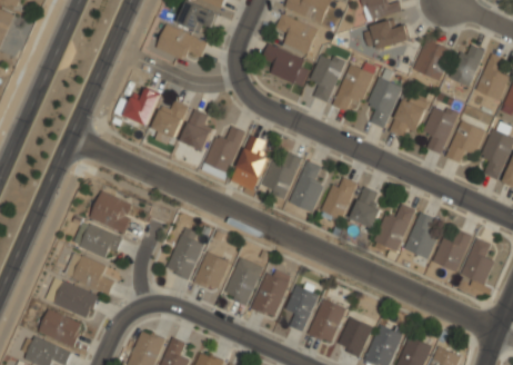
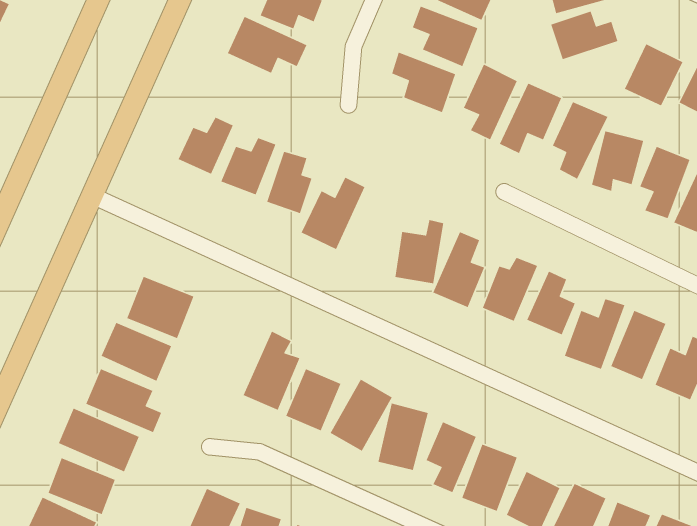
building: [231,135,268,190] -> none

